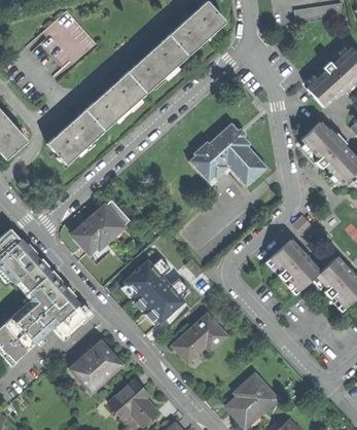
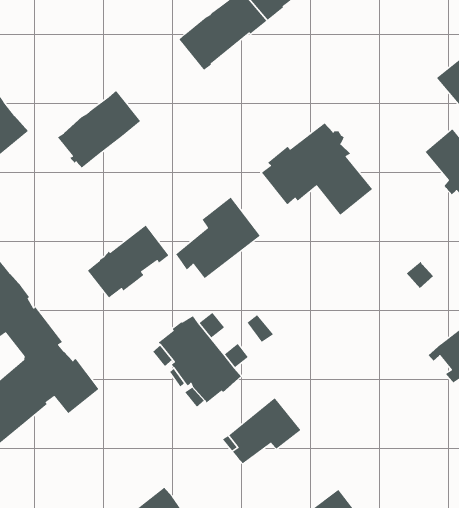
building: [86,71,146,129] -> none
building: none -> [175,196,261,279]
building: [266,239,320,293] -> none
building: [71,342,121,391] -> none

